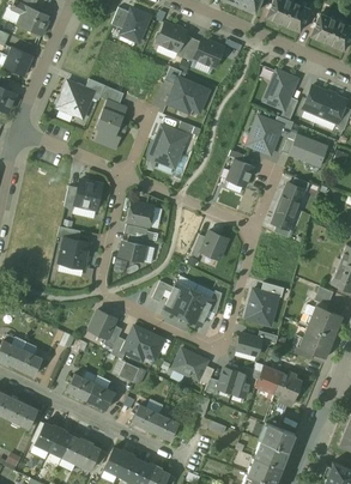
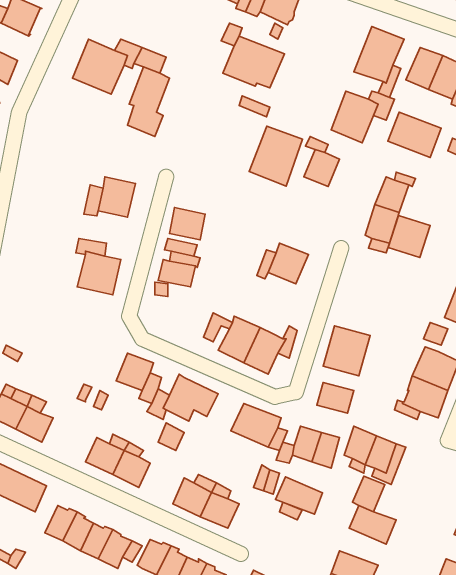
building: [150,123,189,168] -> [249,126,302,186]
building: none -> [388,216,430,257]
building: [254,440,289,467] -> [276,477,323,514]

